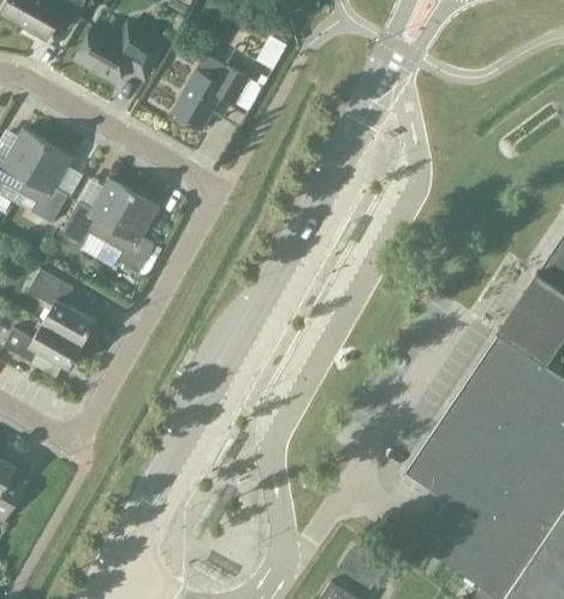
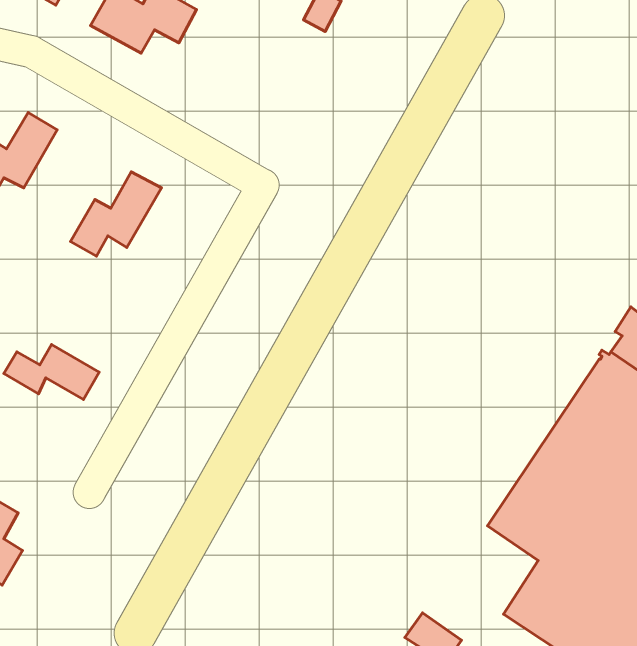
building: [172,52,249,129] -> none
building: [20,143,73,221] -> none
building: [106,191,159,271] -> none
building: [28,268,96,344] -> none

